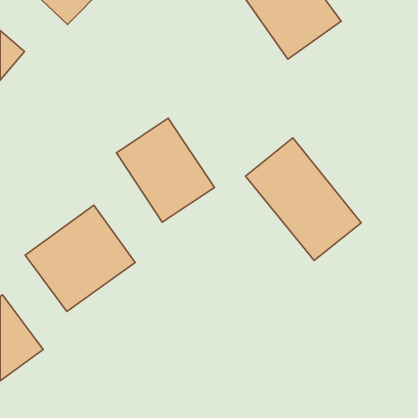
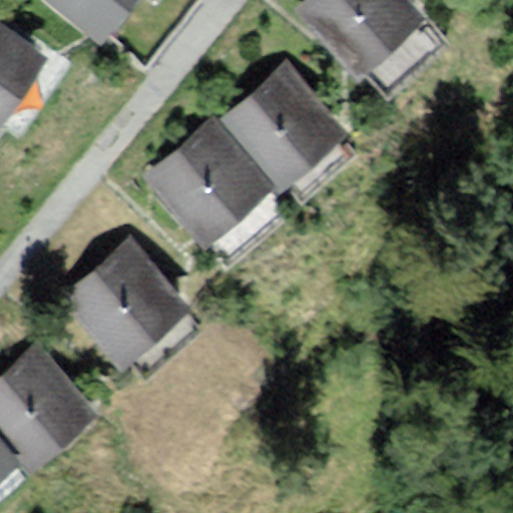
building: none -> [233,86,334,188]
building: [246,138,361,260] -> none

